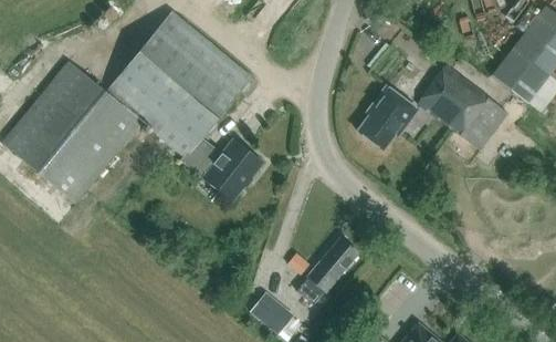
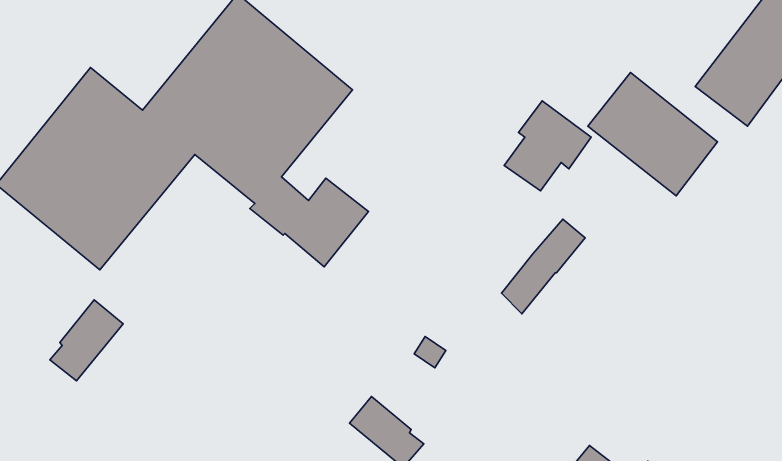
building: none -> [50,300,123,381]
building: [300,238,358,304] -> [501,219,585,314]

